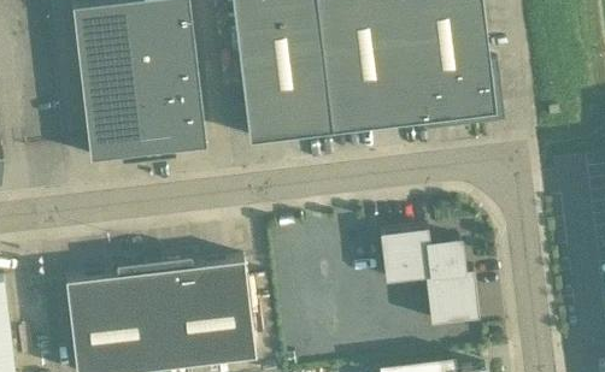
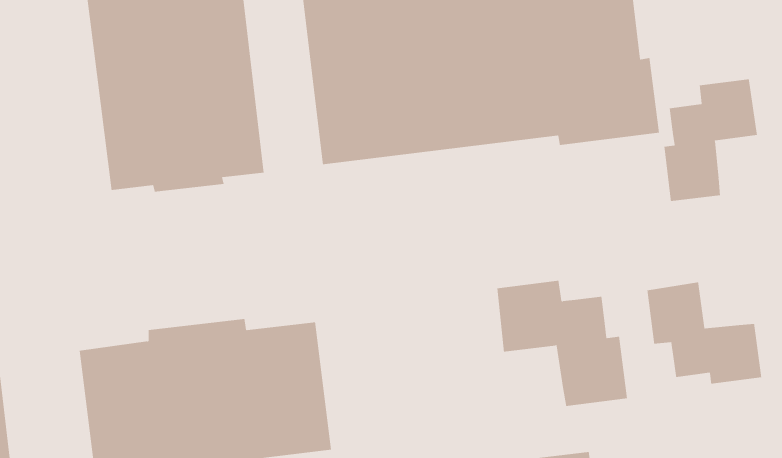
building: none -> [664,79,758,202]
building: none -> [647,282,762,384]

